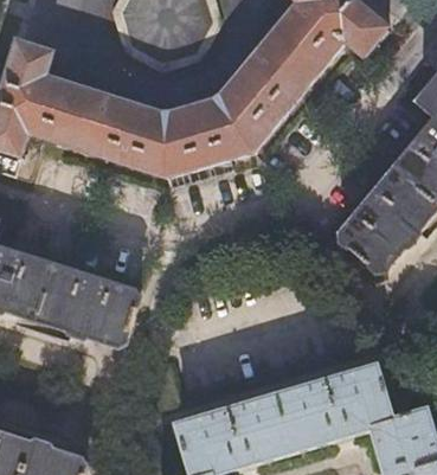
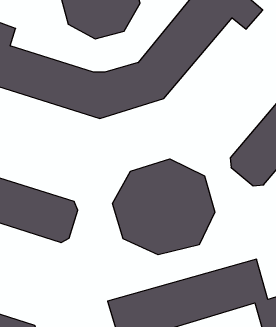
building: none -> [112,159,215,255]

